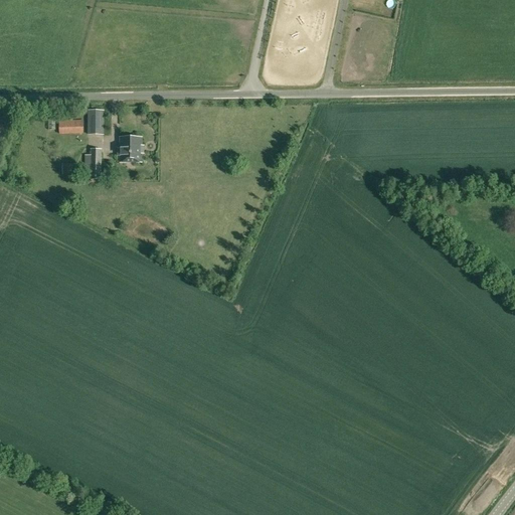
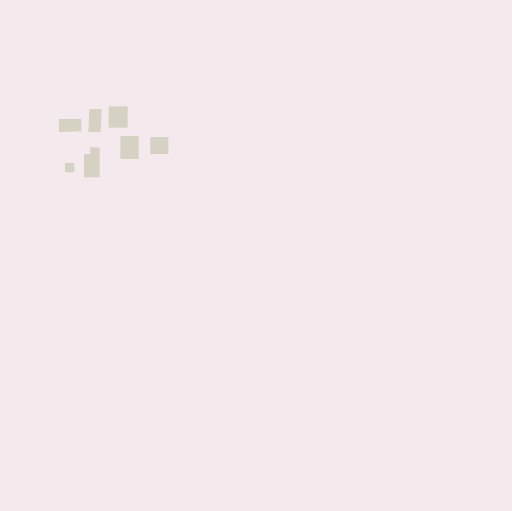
building: none -> [108,106,128,129]
building: none -> [150,136,169,155]

